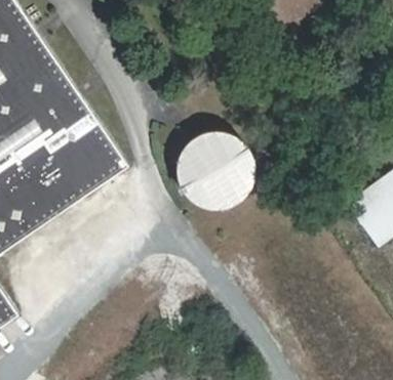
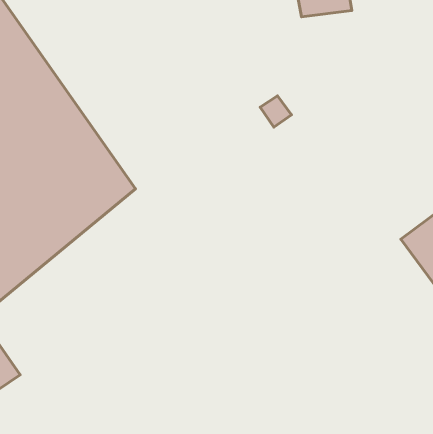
building: [161,139,239,217] -> none

